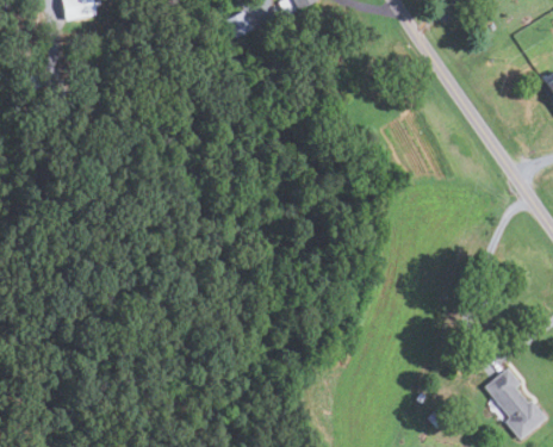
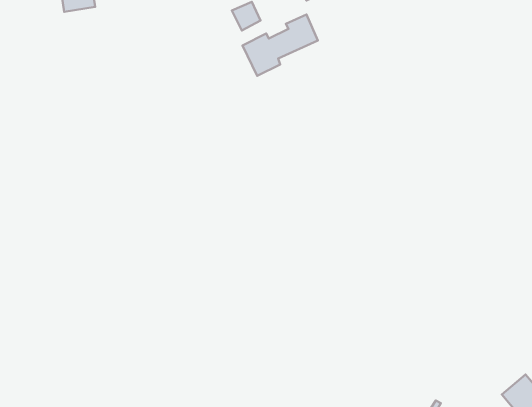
building: none -> [242,14,318,76]

